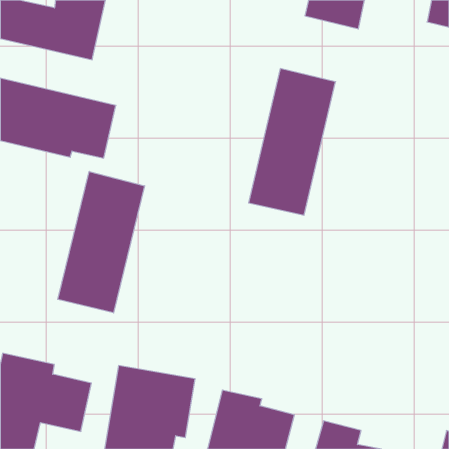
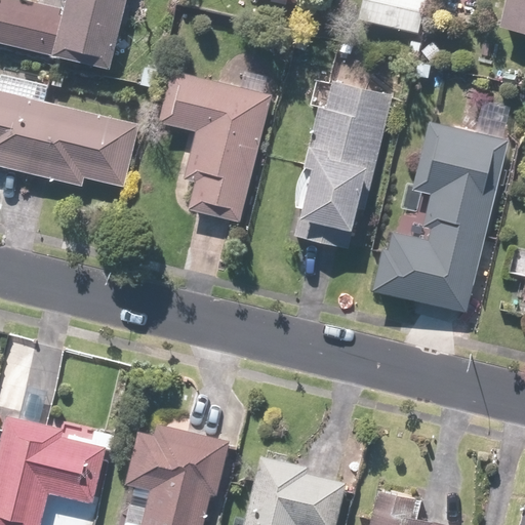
building: none -> [155,63,270,223]
building: none -> [369,120,508,313]
building: [58,171,145,313] -> none

